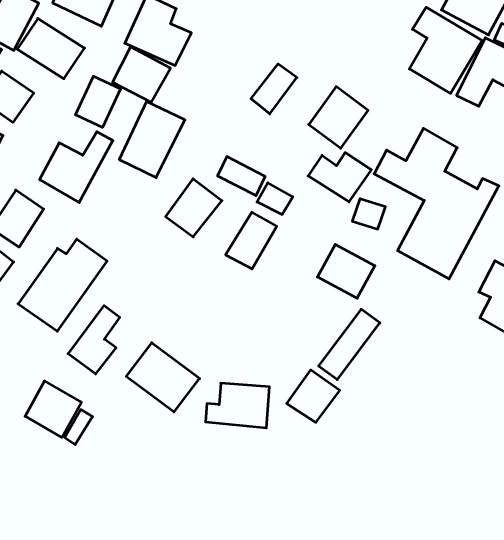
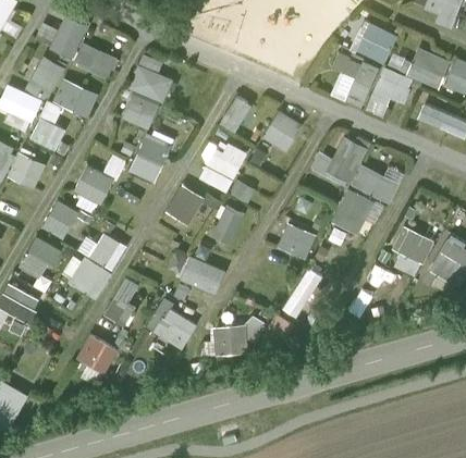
building: [75,76,120,127] -> none
building: [308,153,371,202] -> [204,143,248,177]
building: none -> [179,255,224,295]

